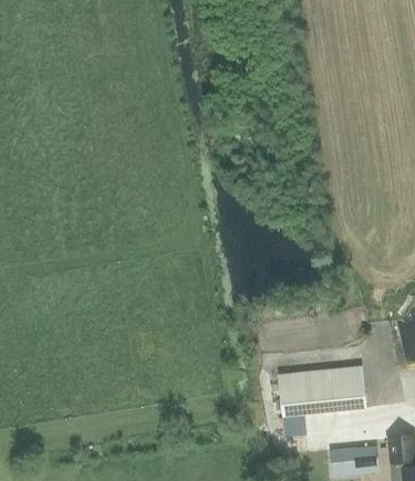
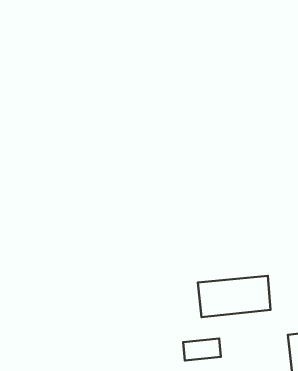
building: [330,445,375,471] -> [183,338,221,361]

